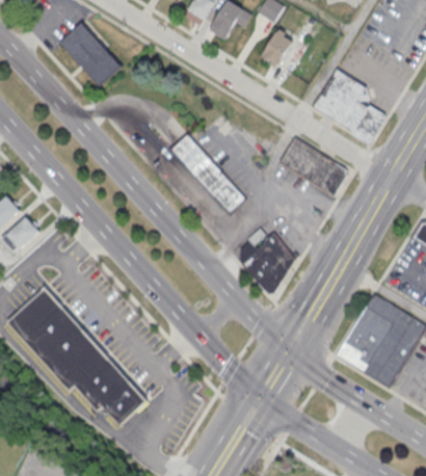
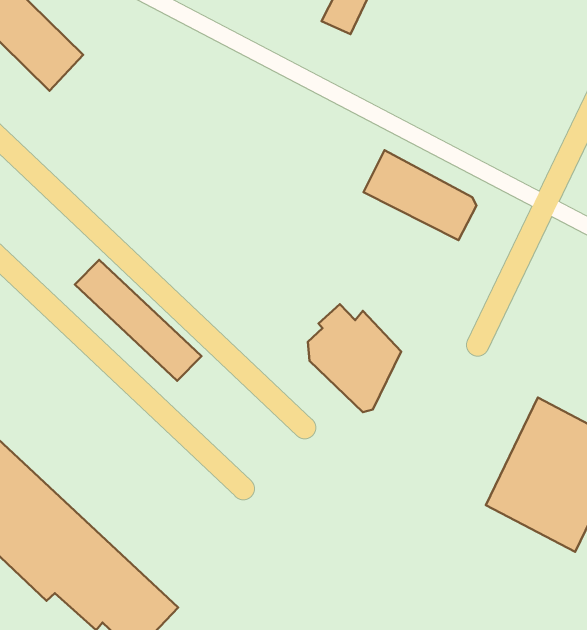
building: [313,70,384,141] -> none
building: [172,135,244,211] -> [75,260,201,381]

